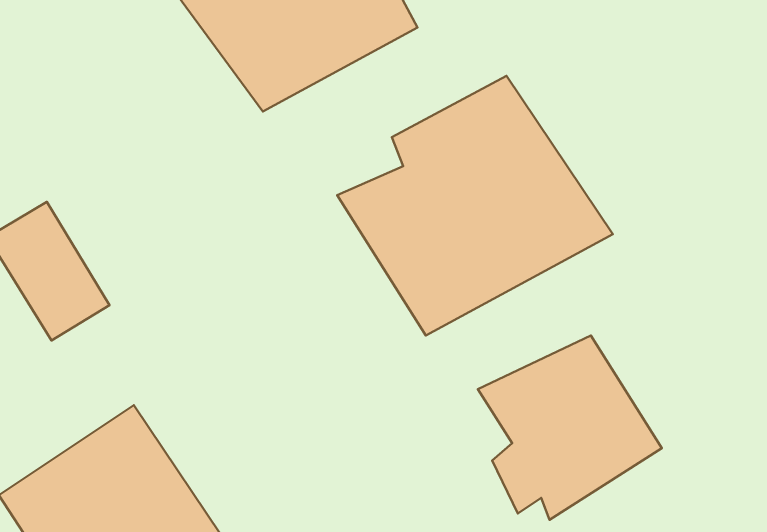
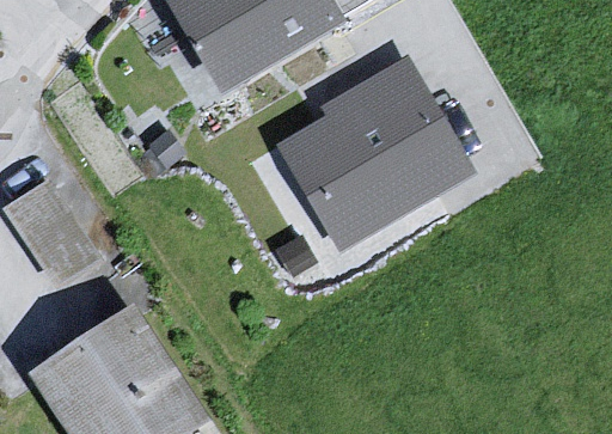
building: [478,336,662,520] -> none

